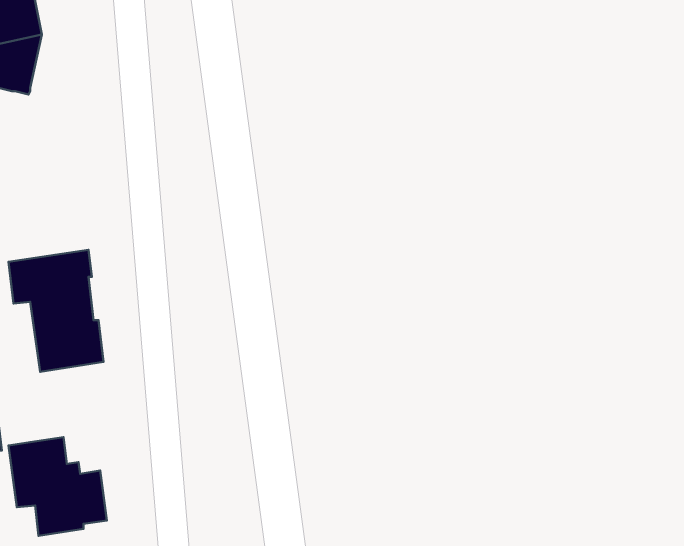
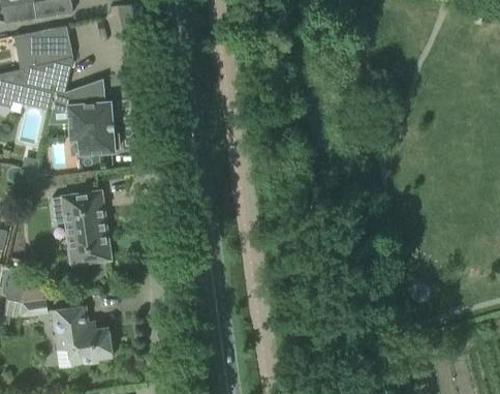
building: none -> [53,79,119,153]

